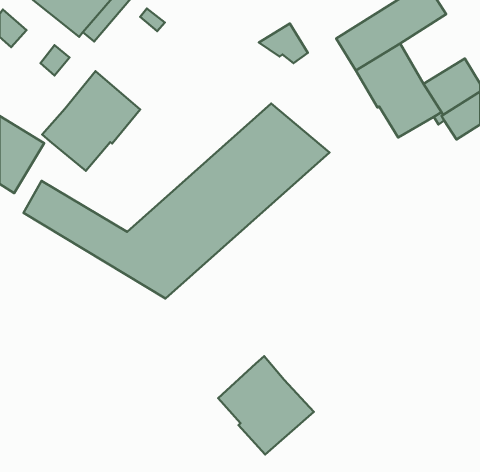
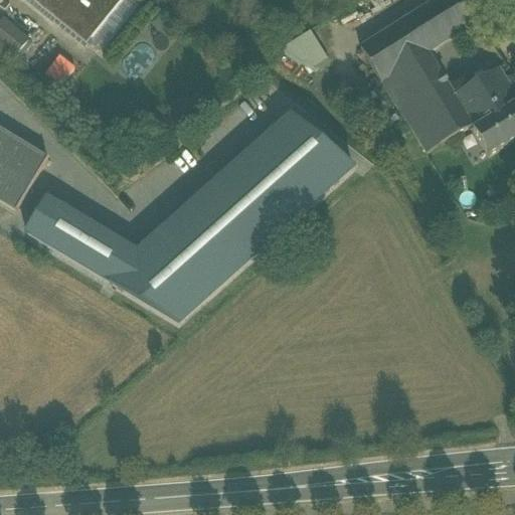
building: [42,71,140,171] -> none
building: [218,356,314,454] -> none

